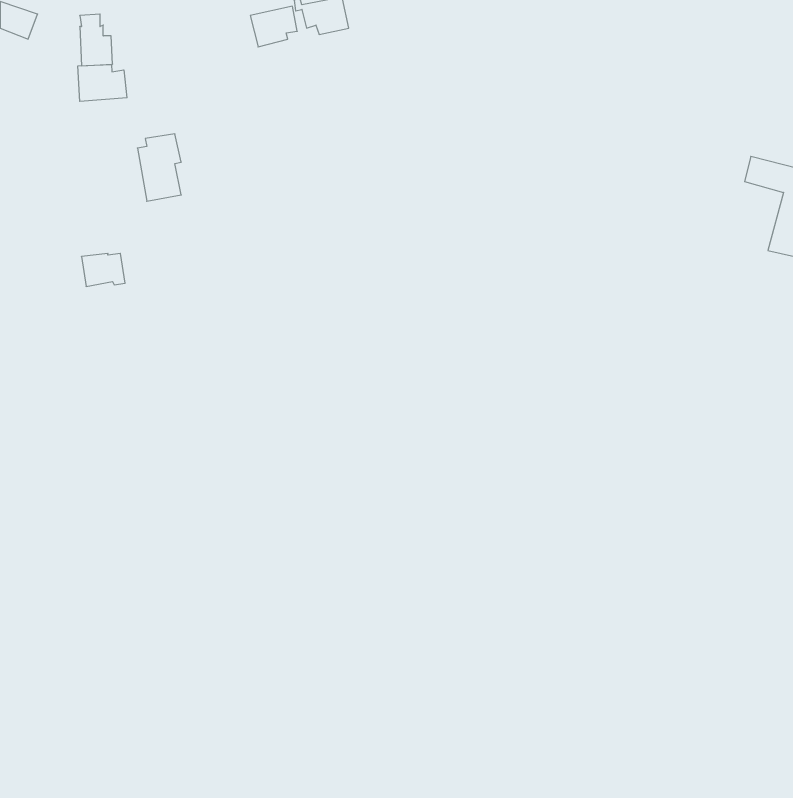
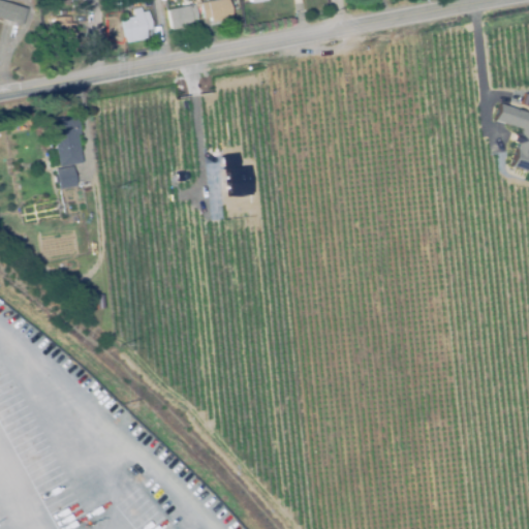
building: none -> [125,5,155,40]
building: [78,65,127,101] -> none
building: [137,134,181,201] -> [54,116,83,160]

